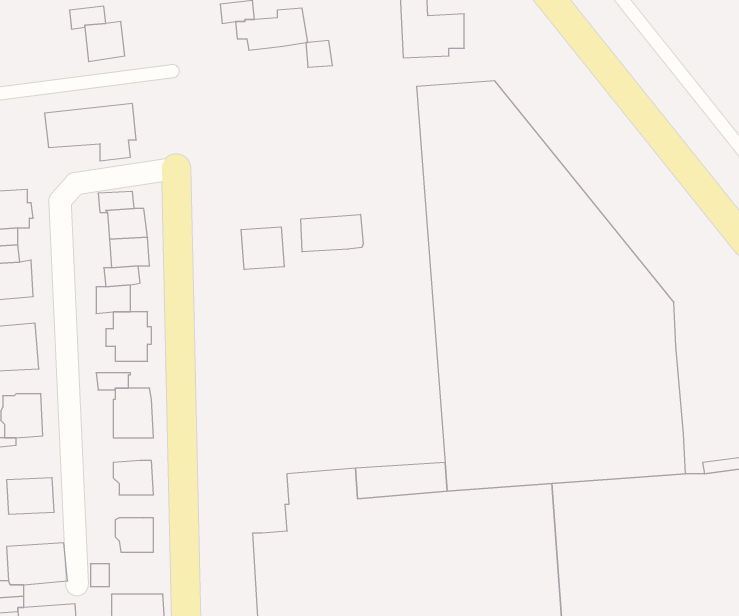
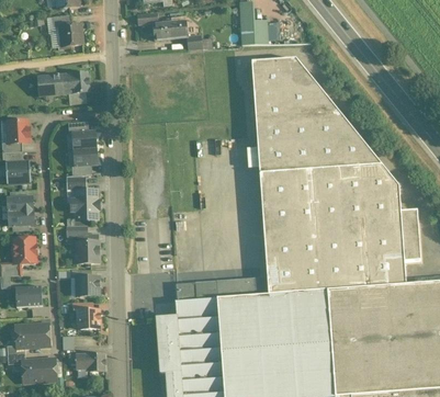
building: [301,214,363,252] -> none
building: [241,227,284,270] -> none
building: none -> [400,209,420,261]

